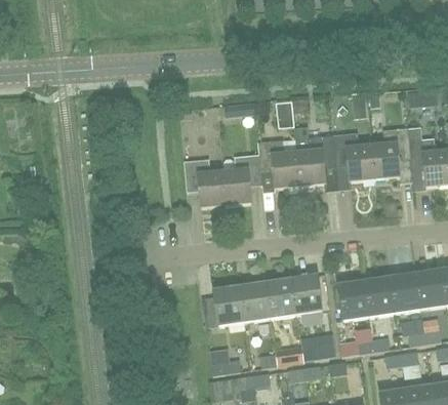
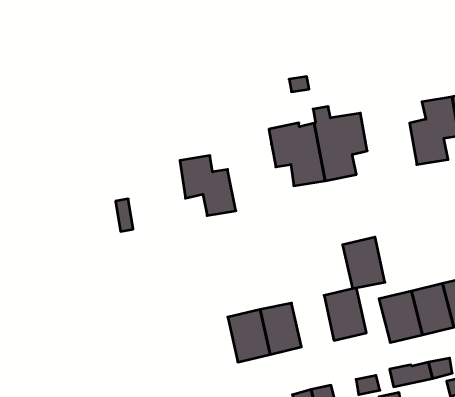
building: [332,132,374,183] -> none
building: [221,154,261,205] -> none
building: [264,279,296,319] -> [343,237,385,289]

